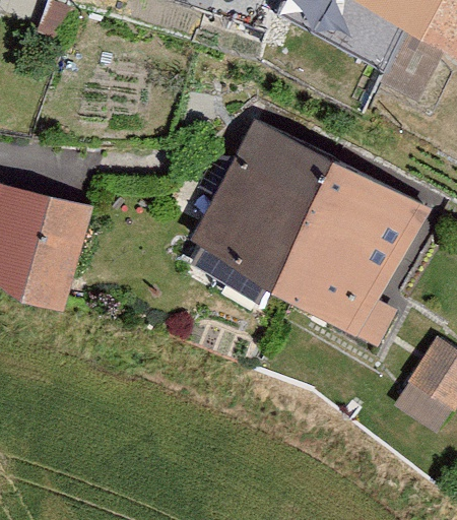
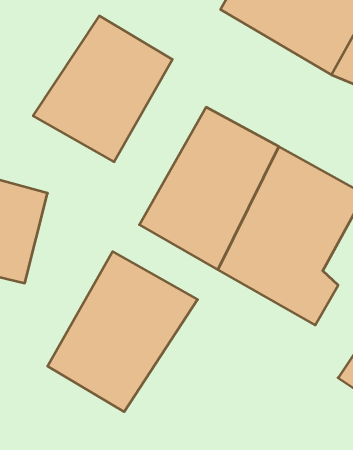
building: none -> [33,16,172,162]
building: none -> [48,252,198,412]

